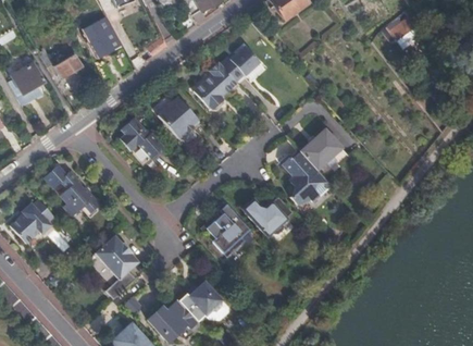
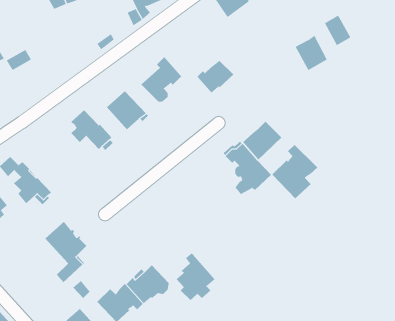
building: [82,16,122,58] -> none
building: none -> [295,35,328,71]
building: [221,46,260,81] -> [197,60,234,93]
building: none -> [271,144,318,199]
building: [241,195,291,235] -> none
building: [208,201,249,251] -> [176,253,215,301]

